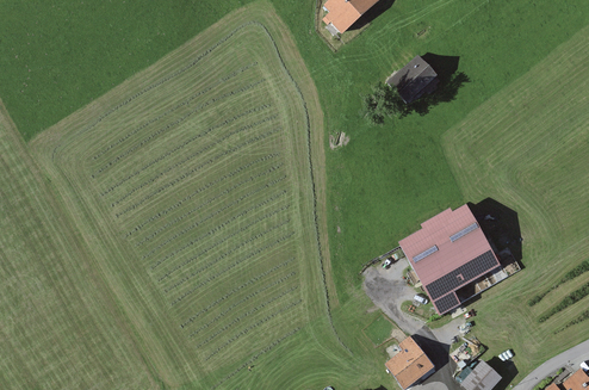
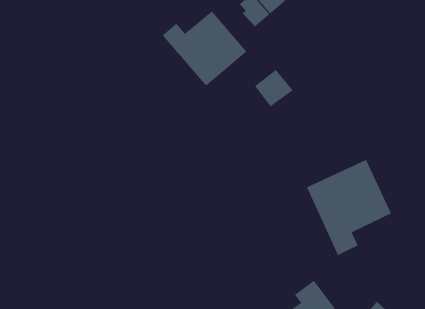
building: none -> [162,11,247,86]
building: [392,56,439,101] -> [254,69,293,107]

